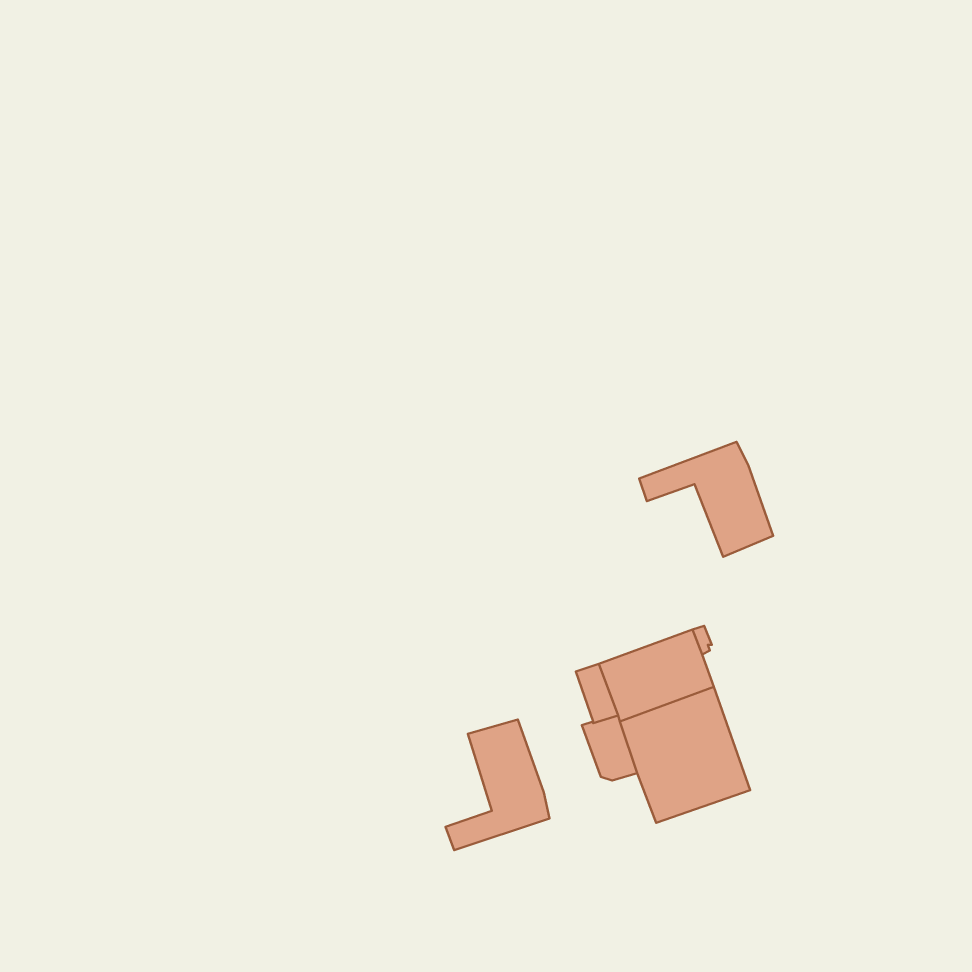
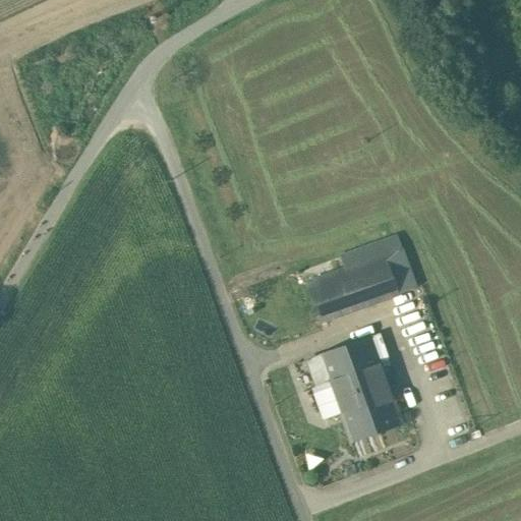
building: none -> [308,257,388,320]
building: [446,720,550,850] -> none

